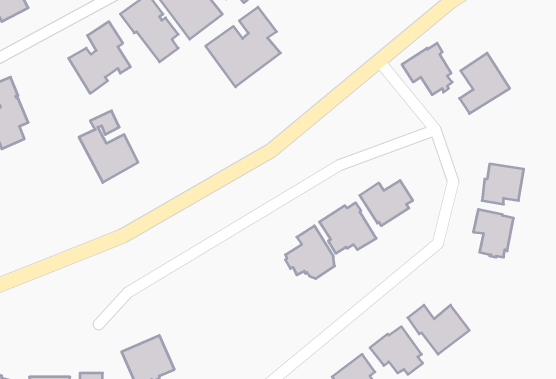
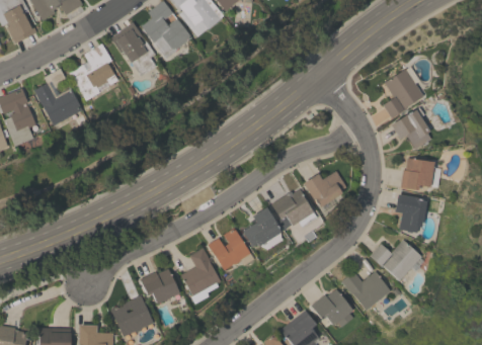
building: [206,7,281,87] -> none
building: [402,43,452,95] -> [391,107,431,149]
building: [79,111,138,183] -> [34,69,82,126]
building: none -> [208,228,253,270]
building: none -> [370,240,421,281]
building: none -> [180,248,220,305]
building: none -> [140,268,180,305]

